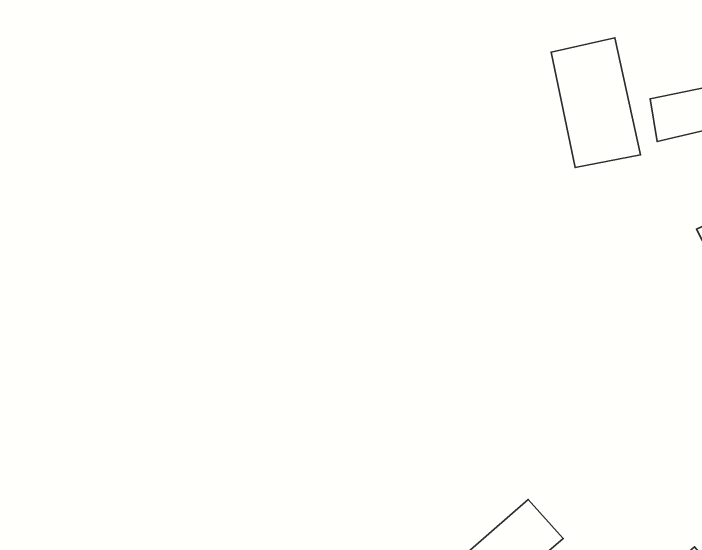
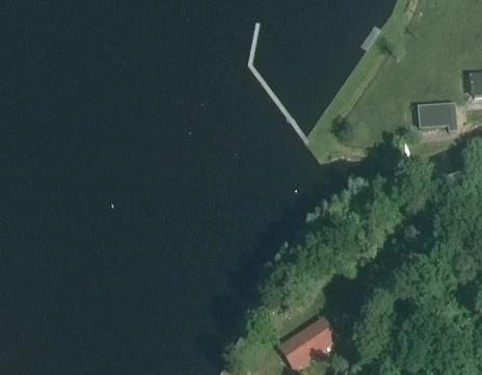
building: [551,38,640,167] -> none

